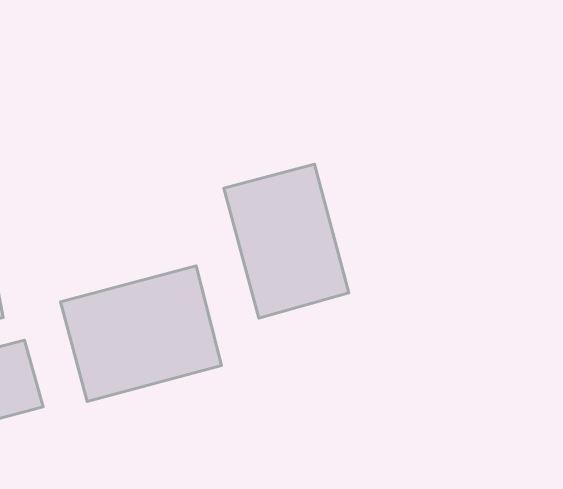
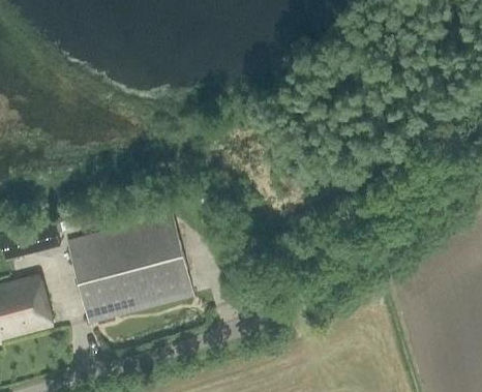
building: [224,164,349,318] -> none

